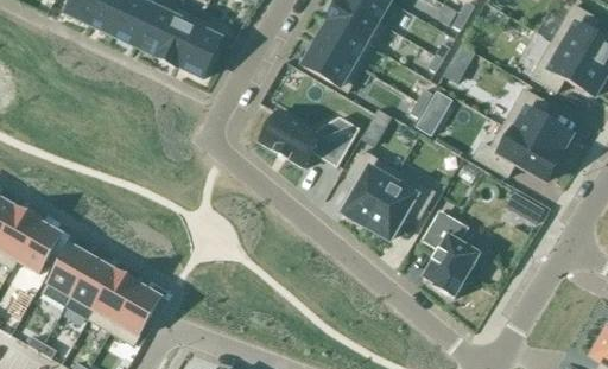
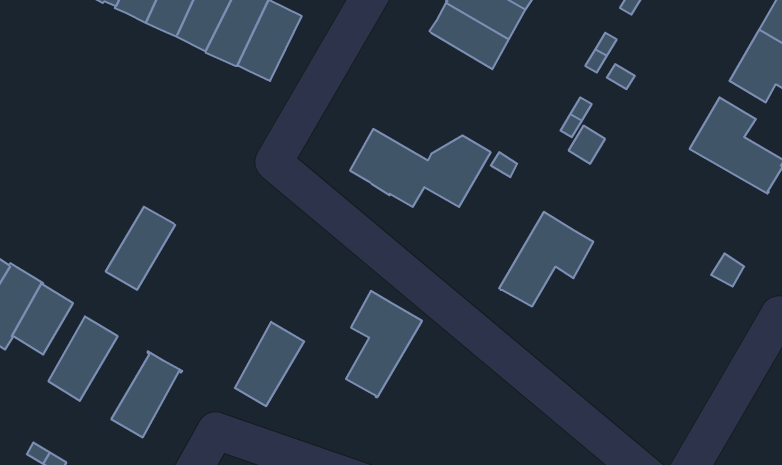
building: [302,40,360,90] -> none
building: [471,125,557,179] -> none
building: [342,148,397,224] -> [346,291,422,397]
building: [422,210,479,297] -> none
building: [64,259,114,318] -> [106,207,175,290]
building: [109,284,159,344] -> [235,322,304,406]

